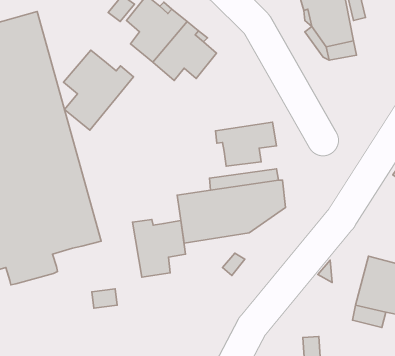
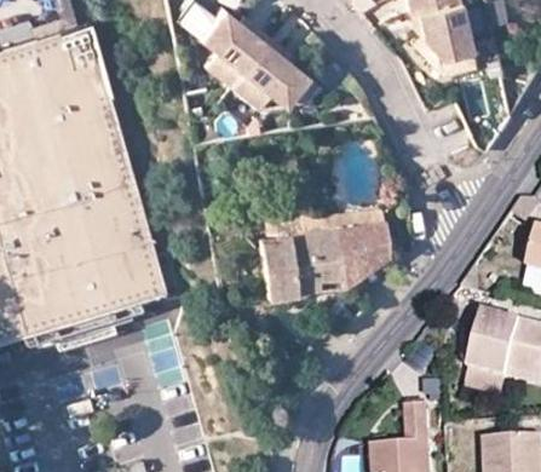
building: [63,50,133,130] -> none
building: [215,122,276,166] -> none
building: [133,219,186,277] -> none

